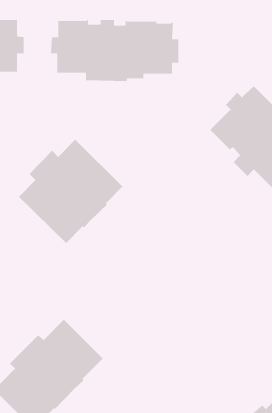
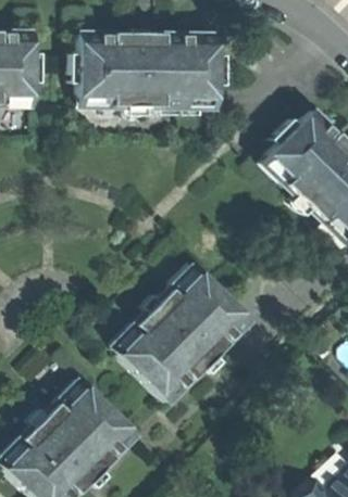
building: [18,139,123,244] -> none
building: none -> [120,270,250,400]

